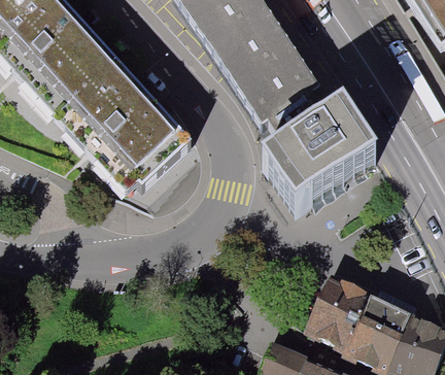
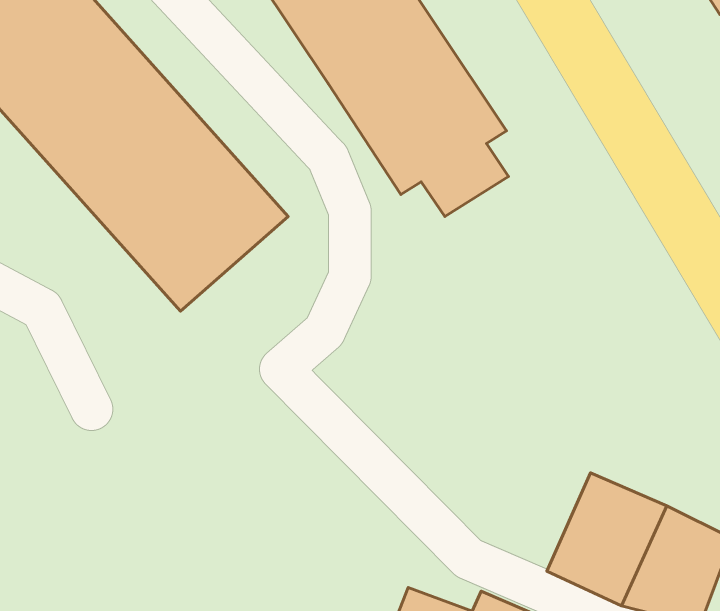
building: [264,107,377,209] -> none
building: [306,273,369,346] -> none

